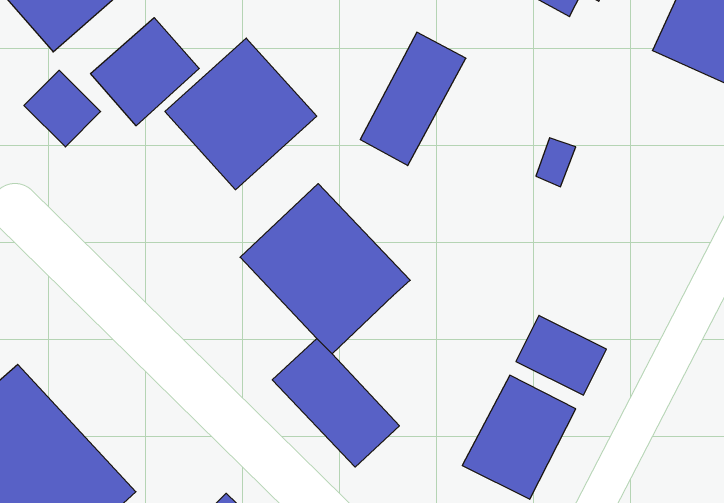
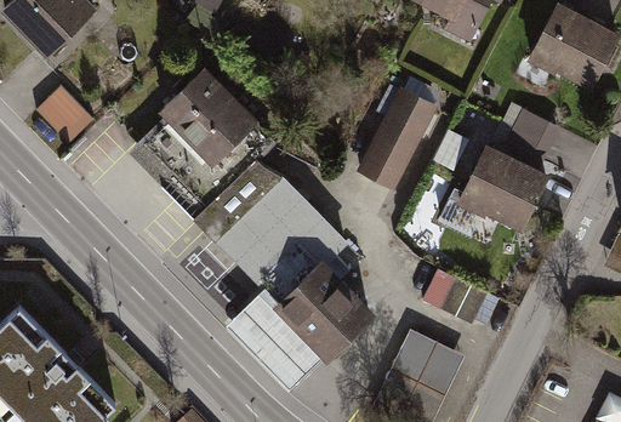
building: [91,18,199,126] -> none
building: [360,32,466,166] -> [359,78,443,183]
building: none -> [460,96,562,229]
building: none -> [277,255,380,358]

